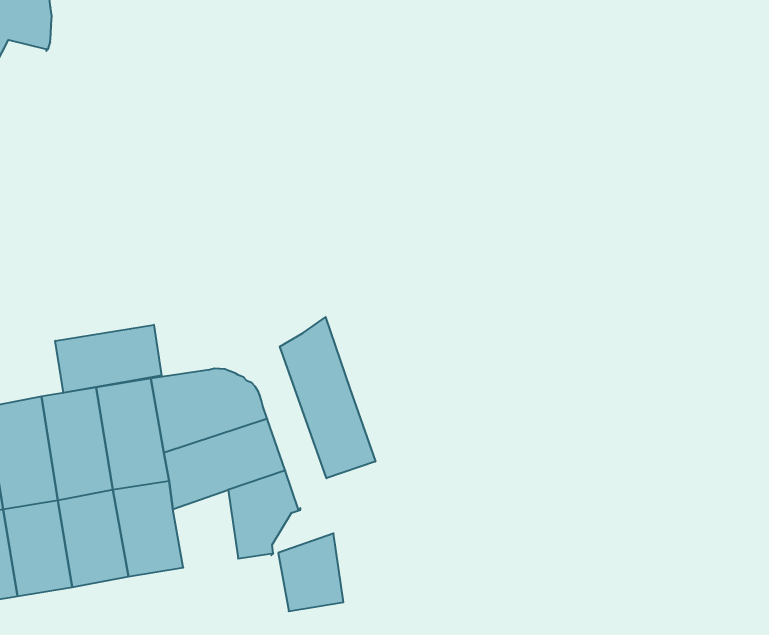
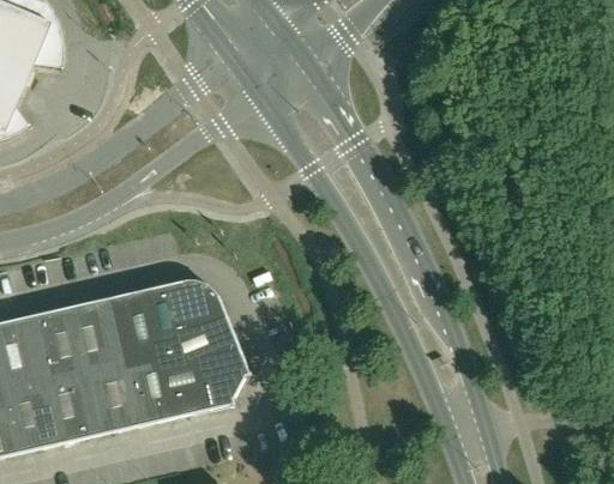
building: [280,317,375,478] -> none
building: [55,325,161,393] -> none
building: [278,533,343,611] -> [161,362,207,417]

